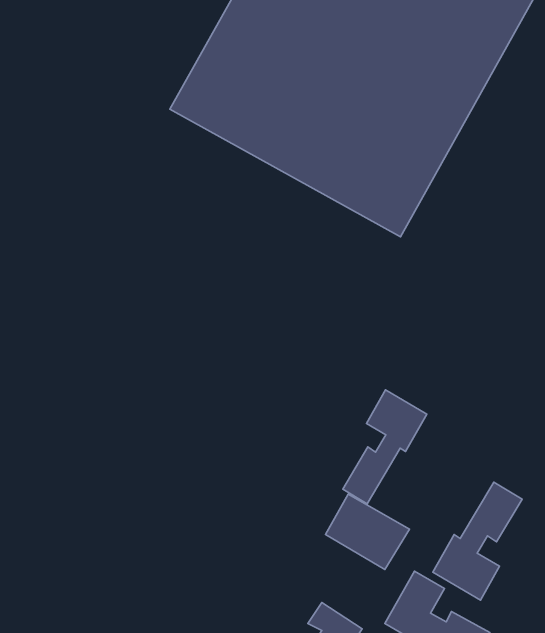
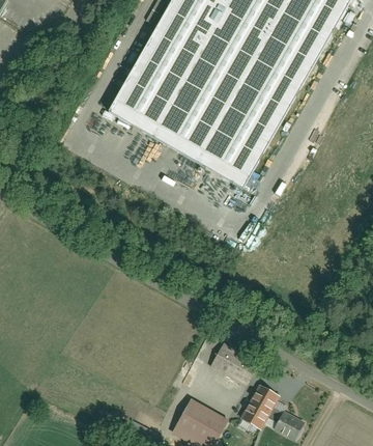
building: [343,390,427,504] -> none
building: [433,482,522,600] -> none

